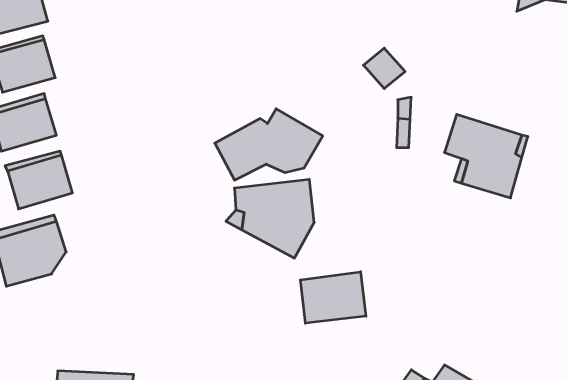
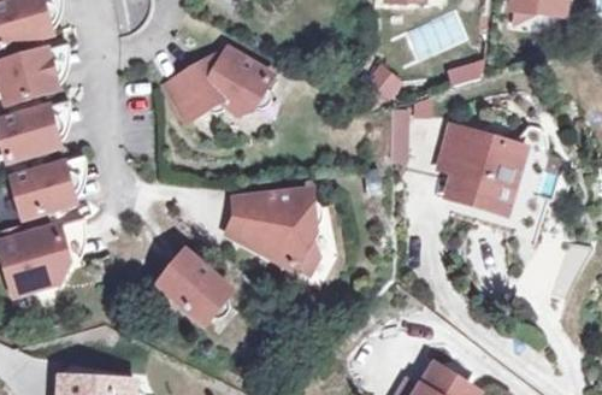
building: [215,109,323,180] -> [166,49,272,119]
building: none -> [157,249,231,322]
building: [300,272,366,323] -> none

